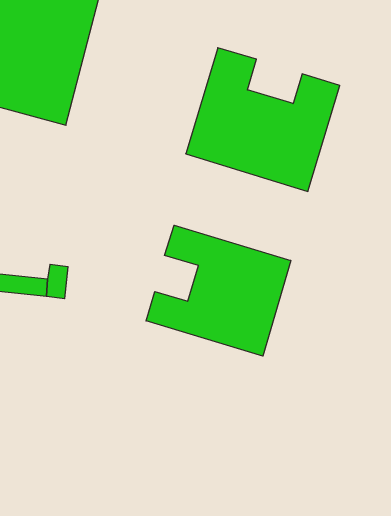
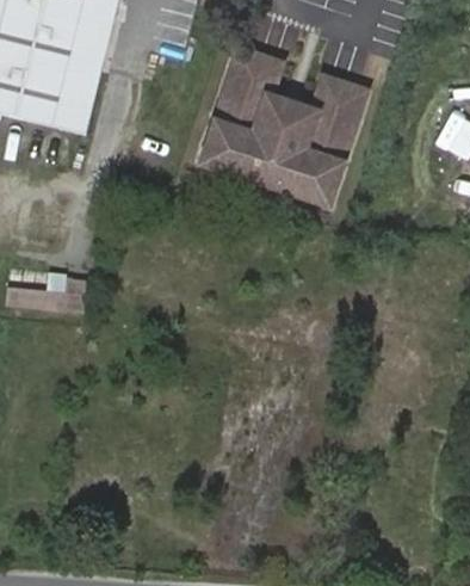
building: [146,225,291,356] -> none

